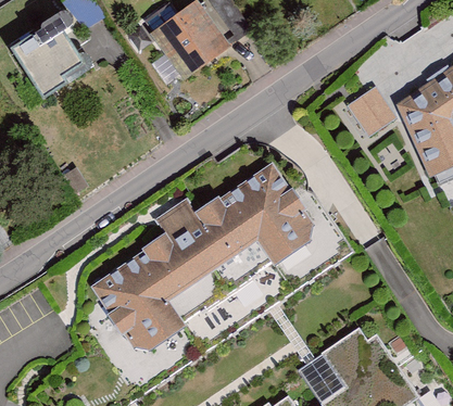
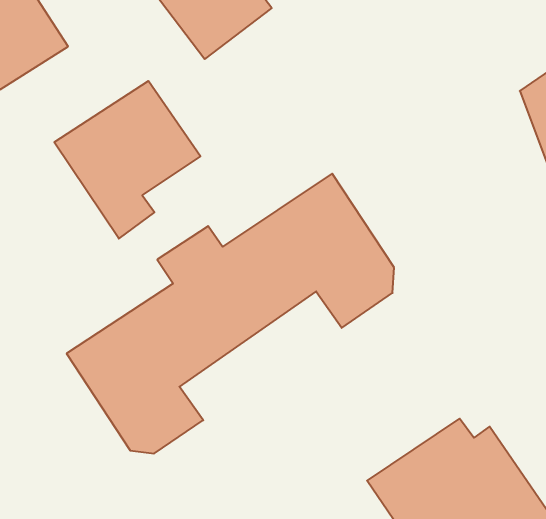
building: [343,85,394,136] -> none
building: none -> [54,81,200,239]

